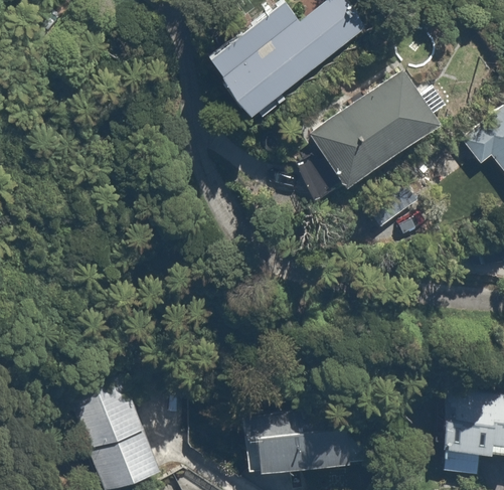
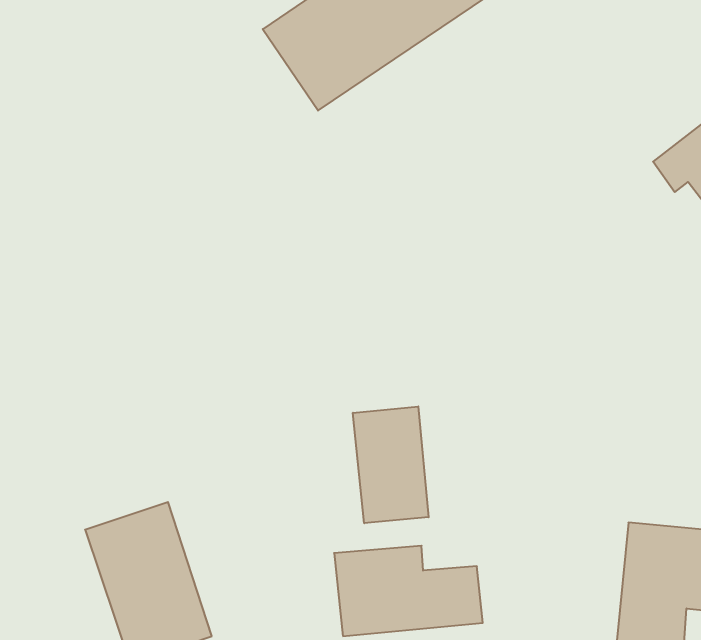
building: [296,74,453,204] -> none
building: none -> [353,406,429,523]

